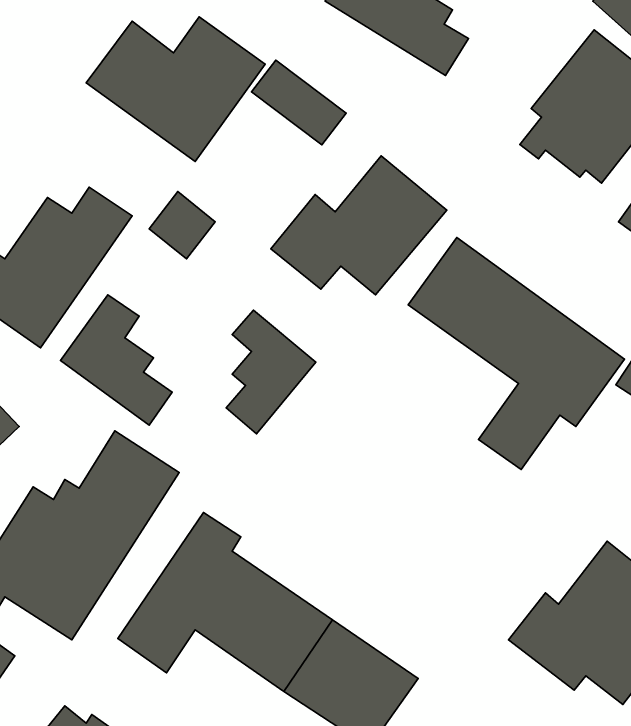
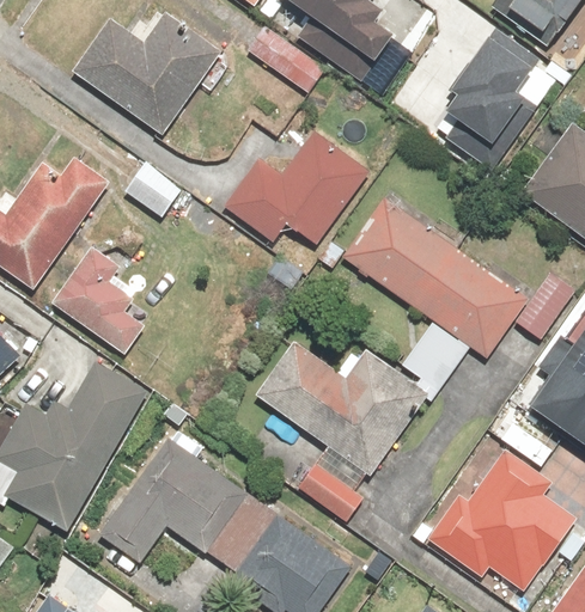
building: [252,60,346,145] -> [246,24,325,94]
building: [226,310,316,434] -> none
building: none -> [256,337,426,524]

